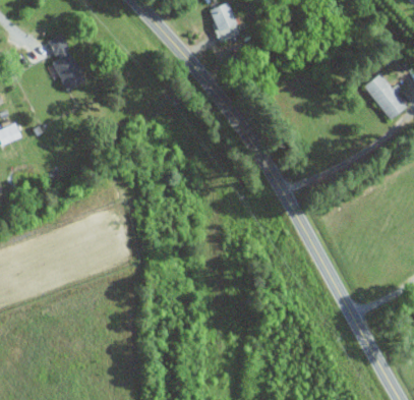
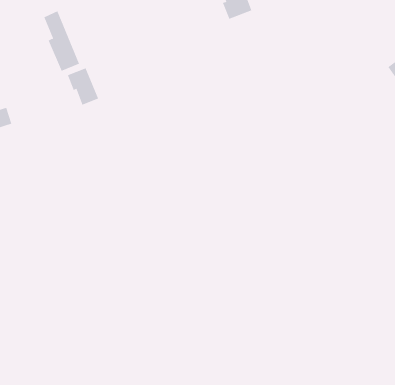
building: none -> [67,67,99,106]

